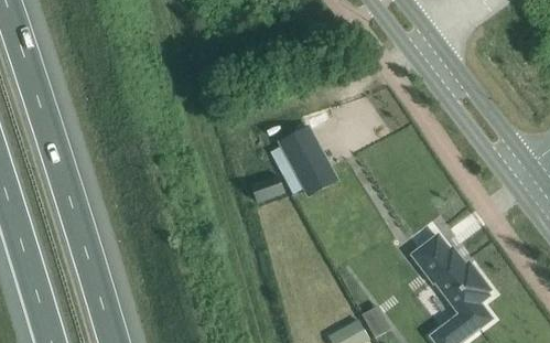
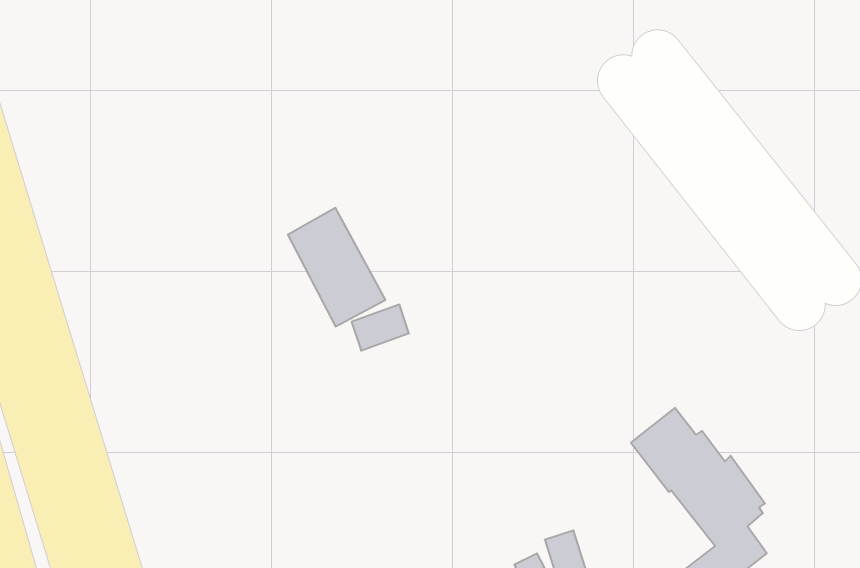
building: [274,122,331,191] -> [288,208,385,327]

